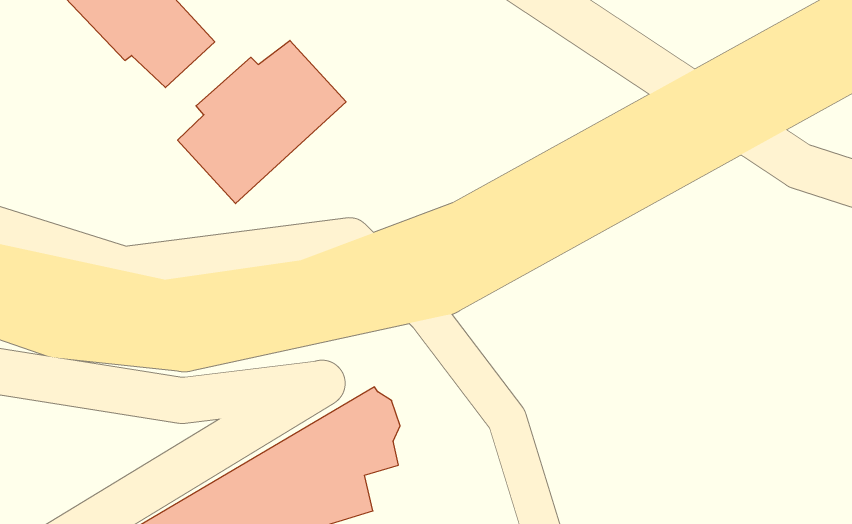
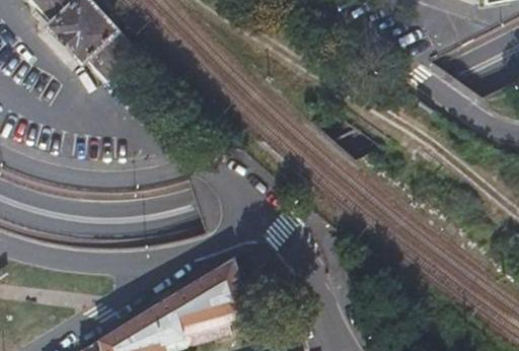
building: [178,40,346,204] -> none

